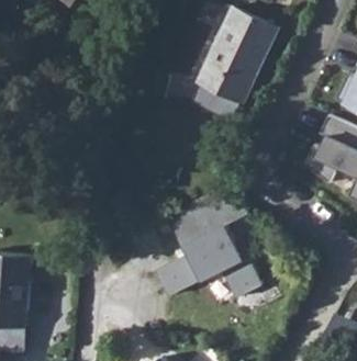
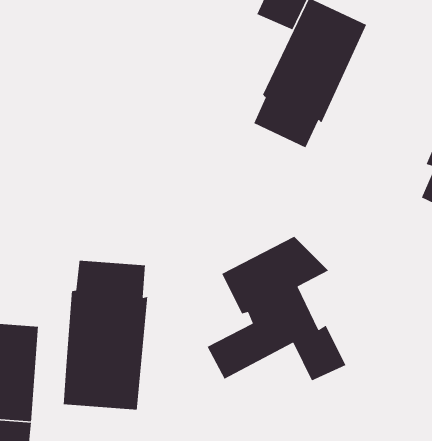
building: none -> [63,260,148,411]

